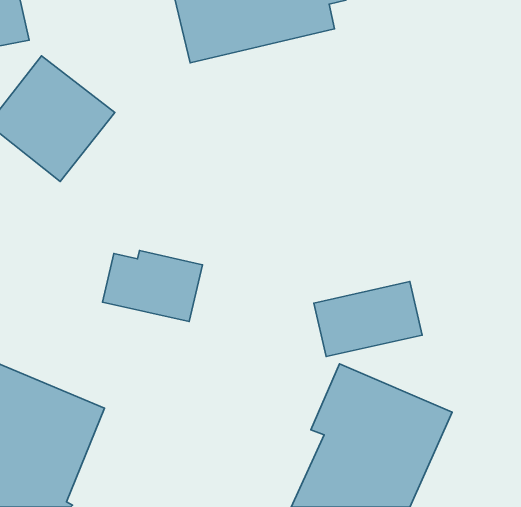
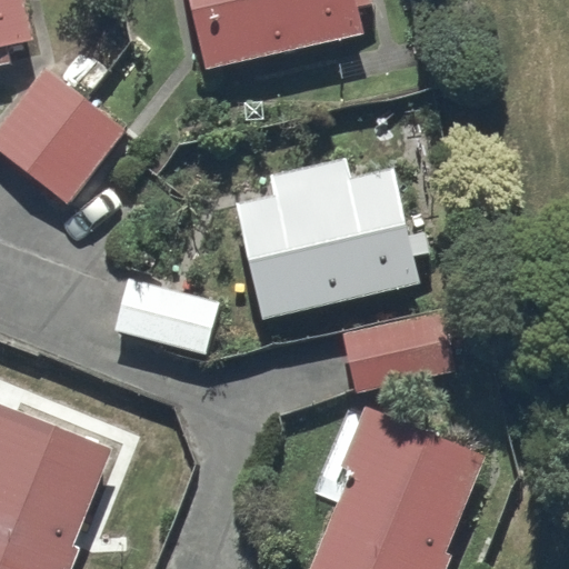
building: none -> [233,158,430,326]

